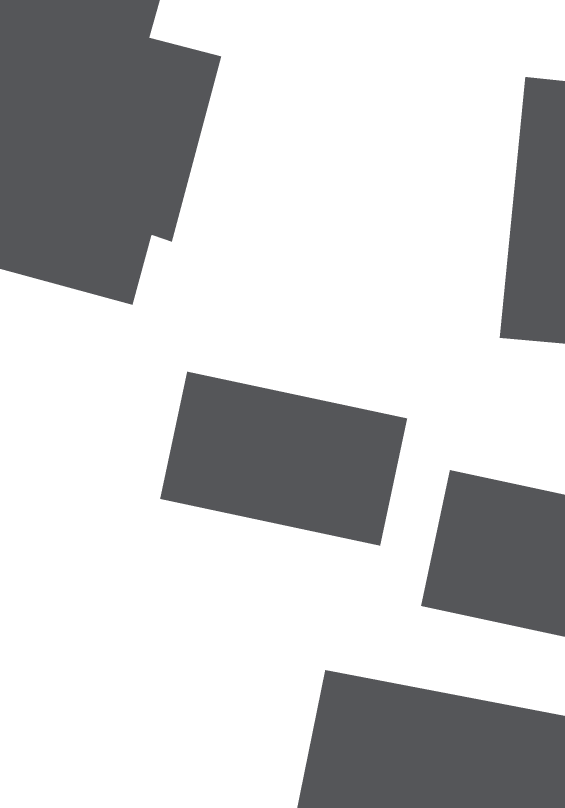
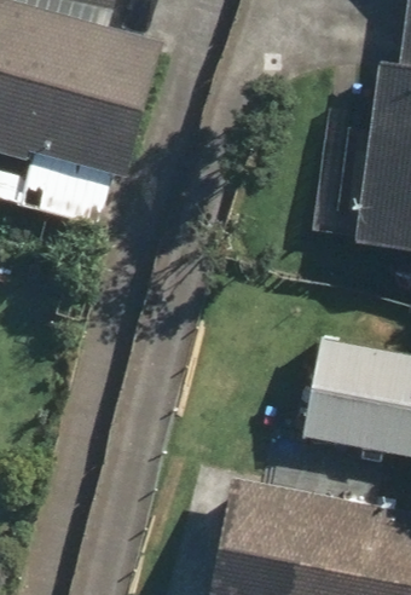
building: [159,371,408,547] -> none

